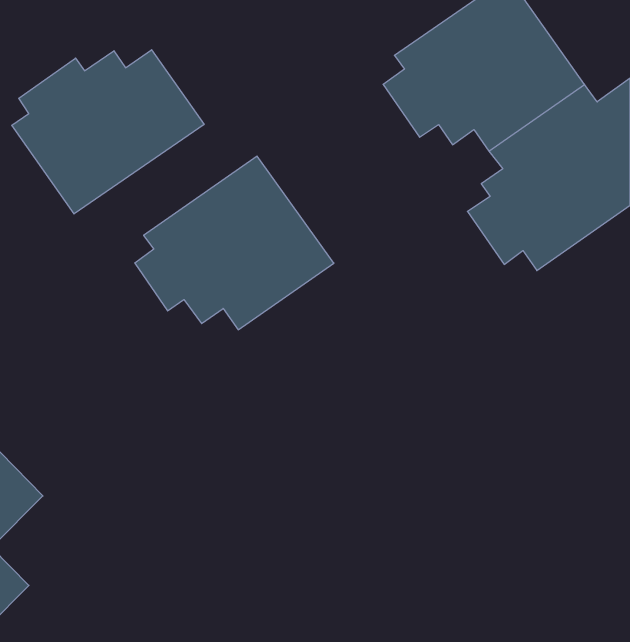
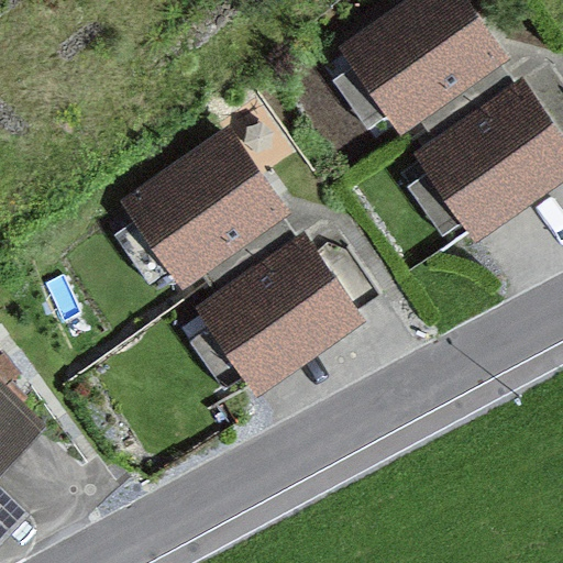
building: [12,50,204,214] -> none
building: none -> [191,224,386,390]

